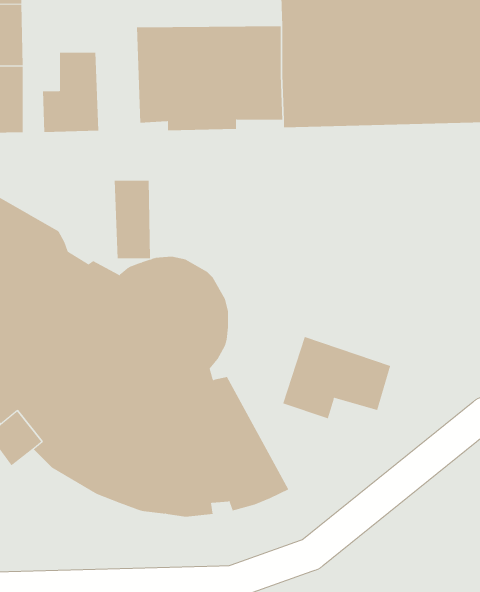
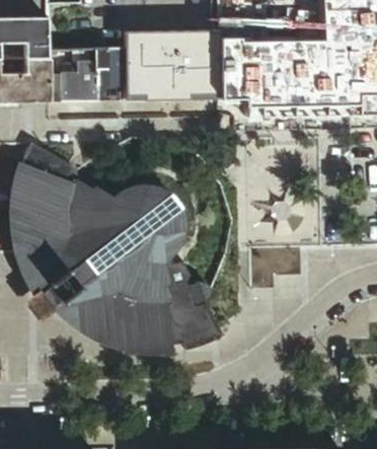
building: [114,180,151,259] -> [97,50,122,101]
building: [282,336,391,419] -> none

